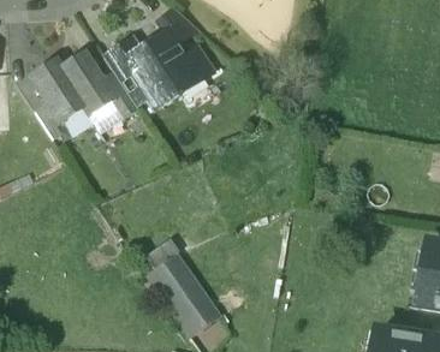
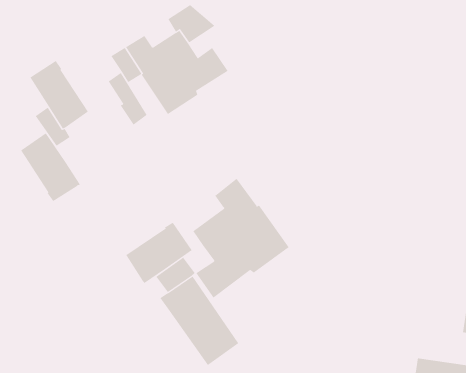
building: [58,53,113,115] -> [20,133,81,202]
building: none -> [192,178,290,298]
building: none -> [125,222,192,284]

